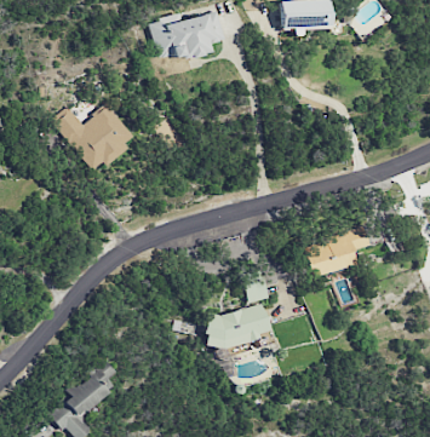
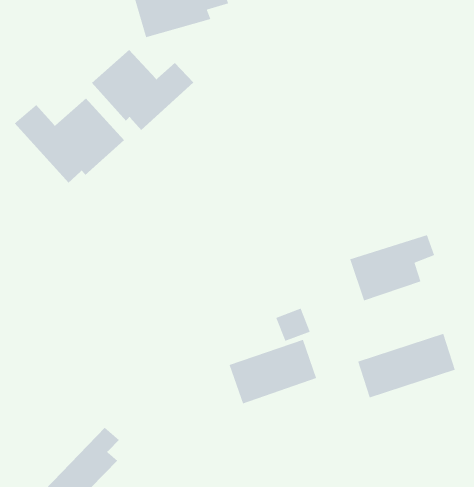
building: none -> [91,49,194,131]
building: none -> [357,333,456,399]

